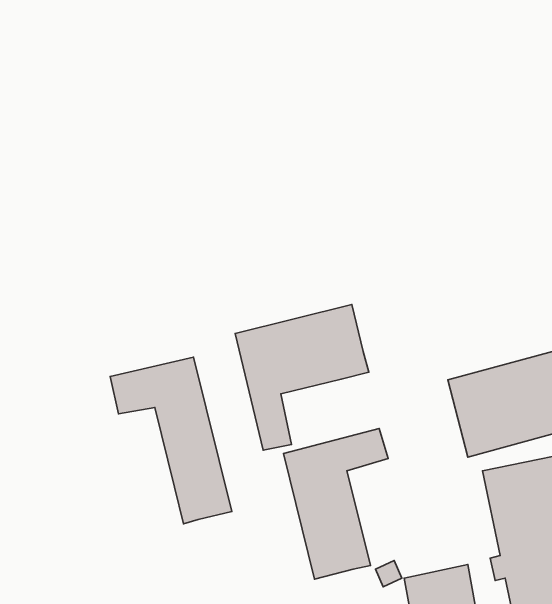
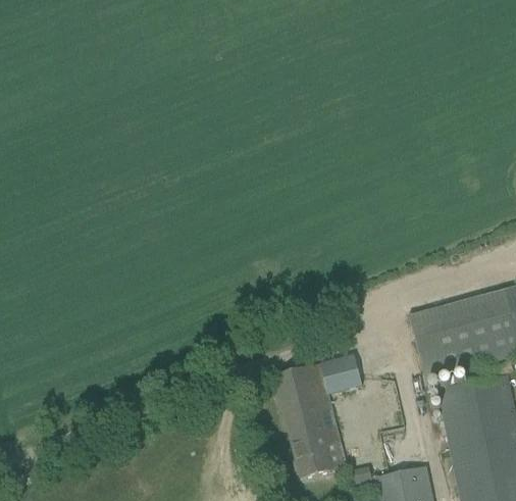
building: [235,305,369,450] -> none
building: [110,357,232,524] -> none

